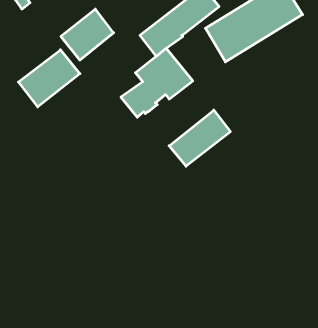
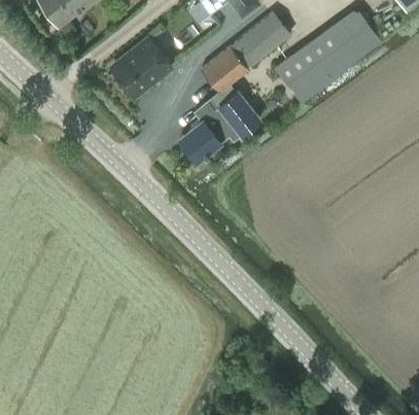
building: [18,50,80,107] -> none
building: [169,110,230,166] -> none

